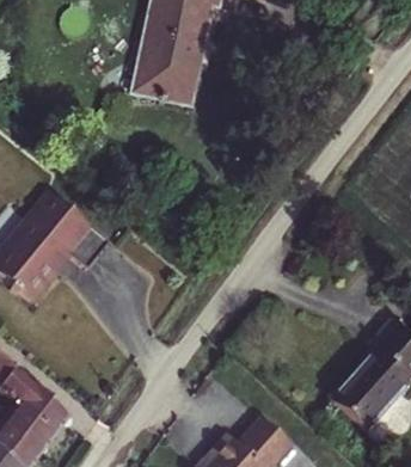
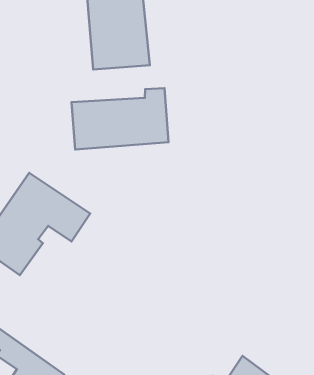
building: none -> [71,88,169,150]

